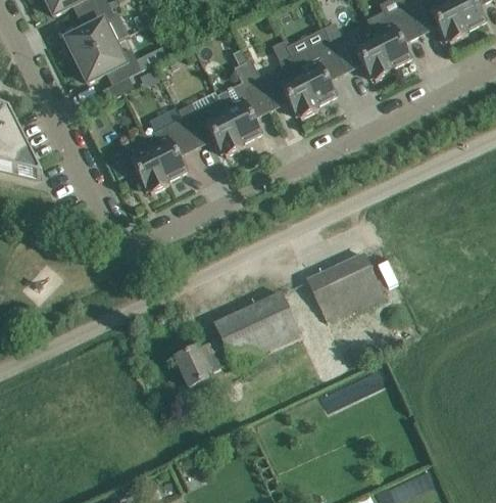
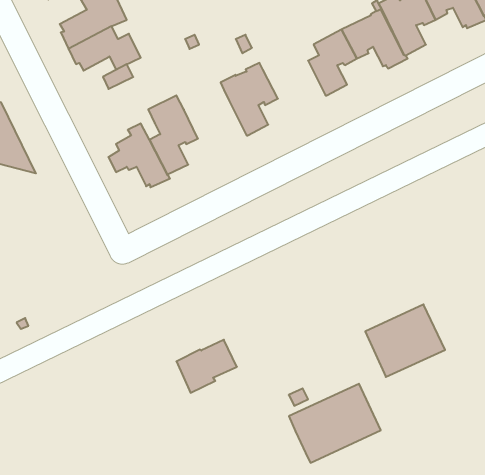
building: [257,55,318,118] -> none
building: [180,100,244,155] -> none
building: [308,253,384,321] -> [365,304,445,377]
building: [214,291,301,366] -> [289,384,381,463]

